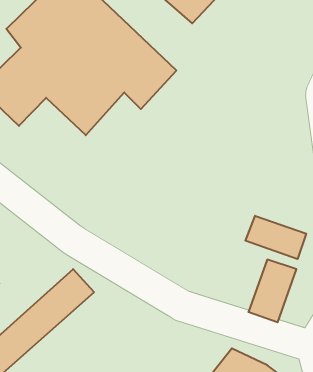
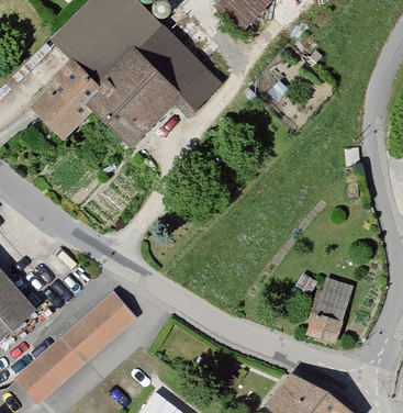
building: [245,216,306,259] -> none

